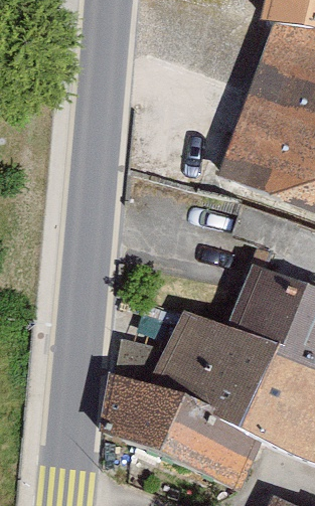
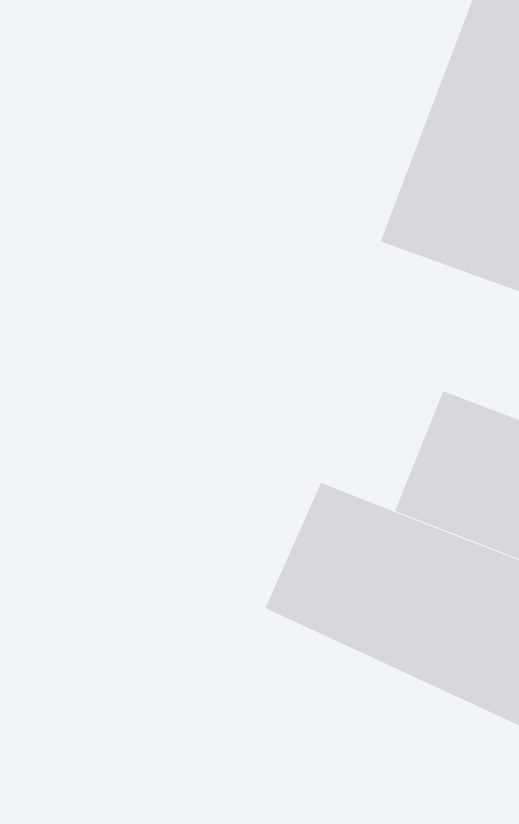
building: [103,369,265,494] -> none

